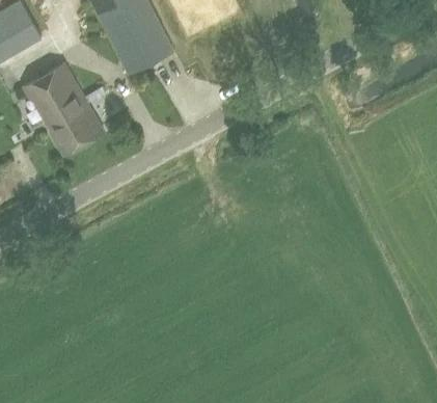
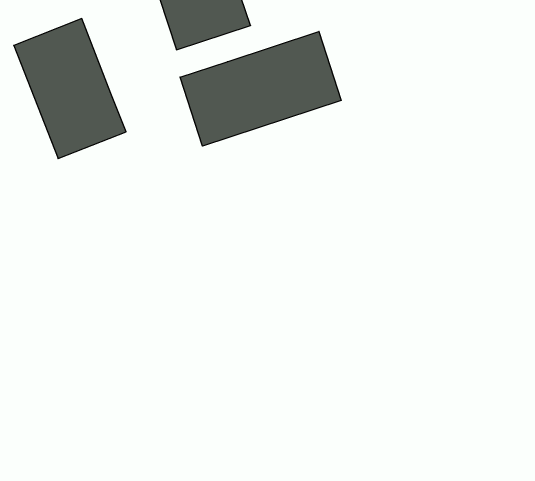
building: none -> [180,31,341,146]

